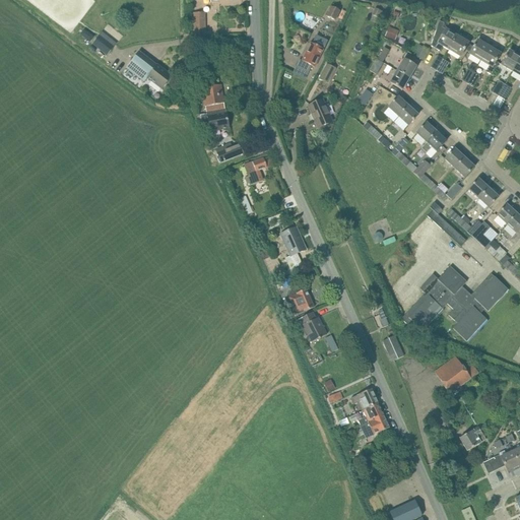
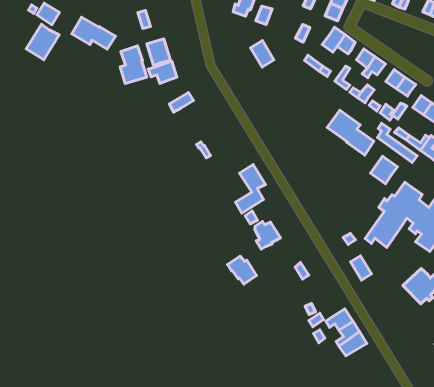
building: none -> [26,24,59,60]
building: none -> [120,46,147,84]
building: [244,154,272,184] -> none
building: none -> [327,110,374,155]
building: none -> [370,156,398,184]
building: [298,311,326,340] -> [228,256,257,284]

